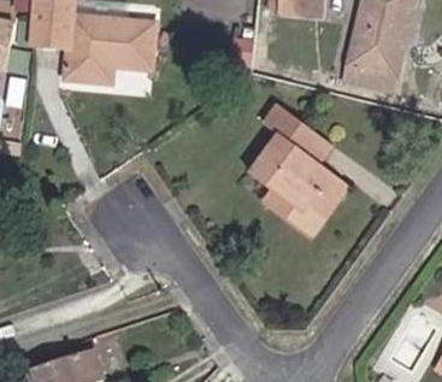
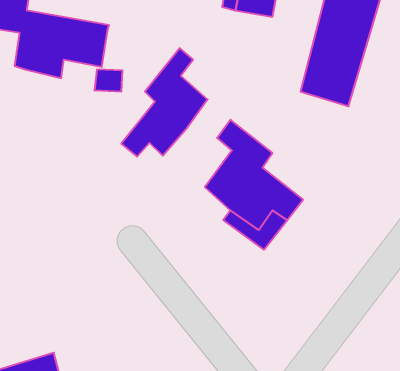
building: none -> [121,48,208,157]

